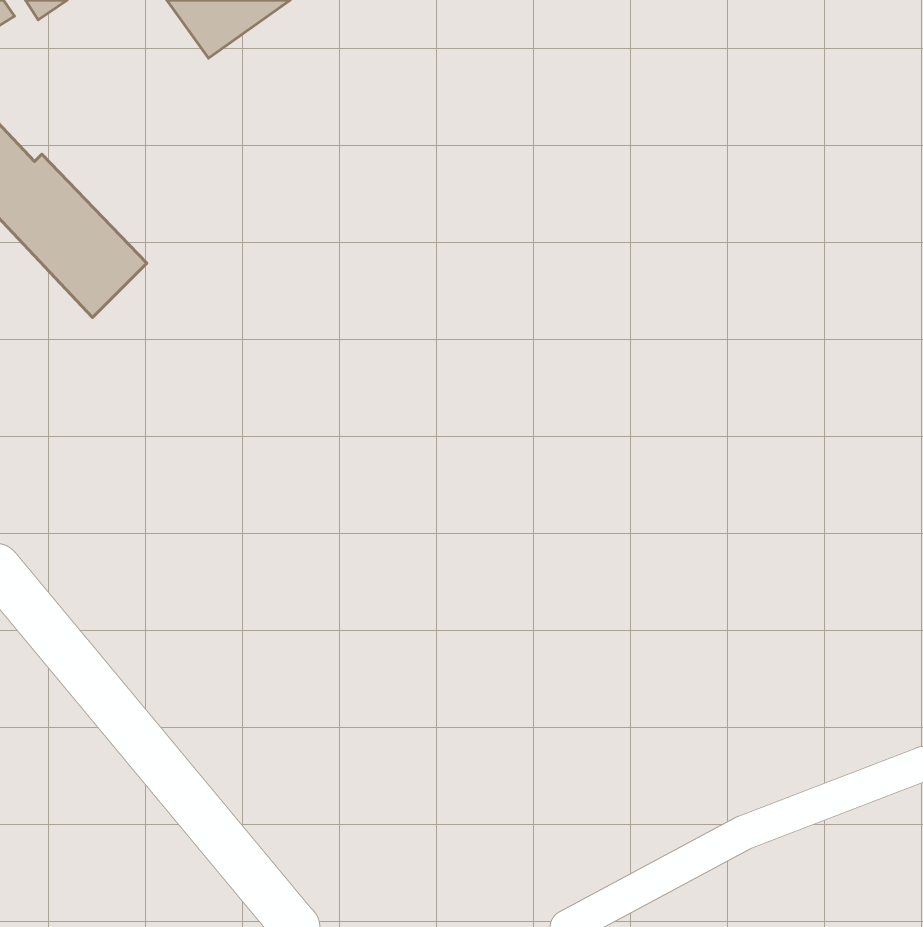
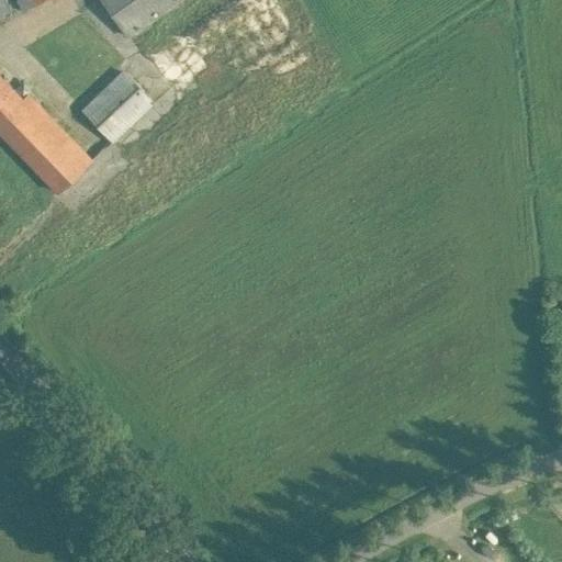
building: none -> [82,71,151,140]

